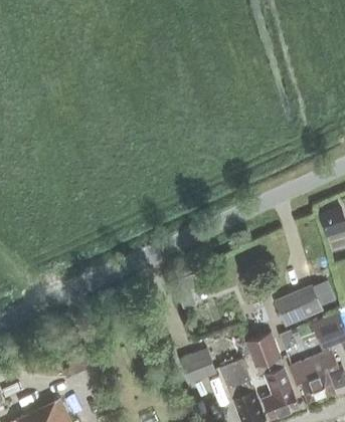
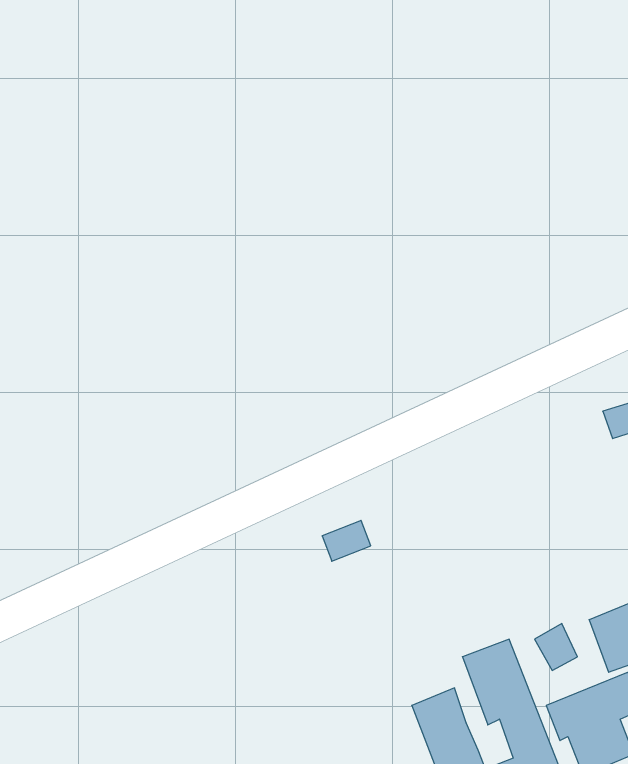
building: [274,283,324,328] -> none
building: [180,349,215,384] -> none

